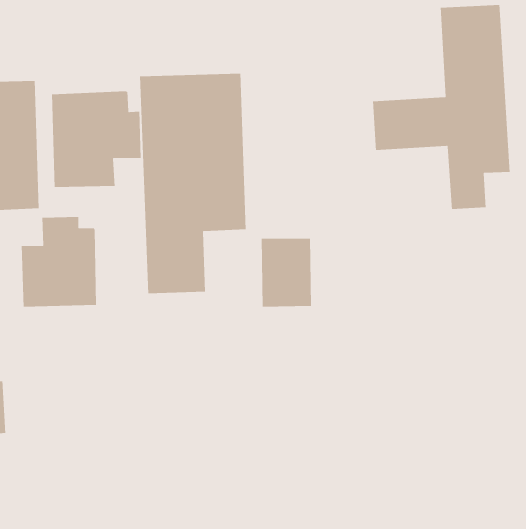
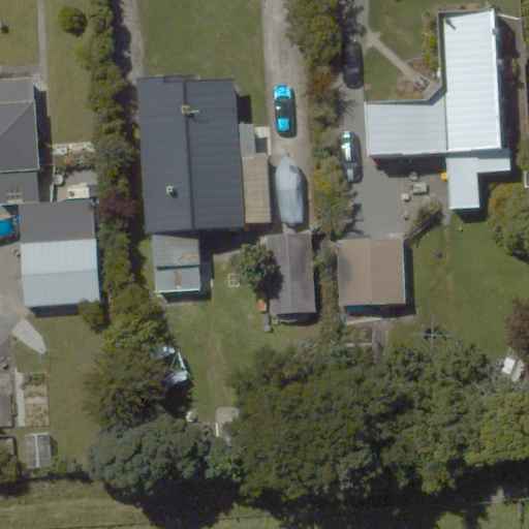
building: [51,90,142,188] -> none
building: none -> [338,186,404,308]

